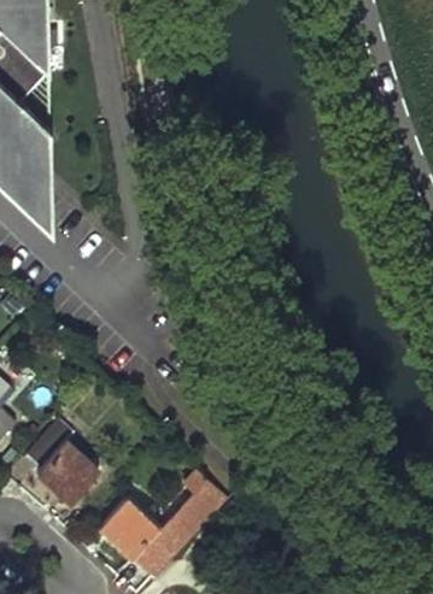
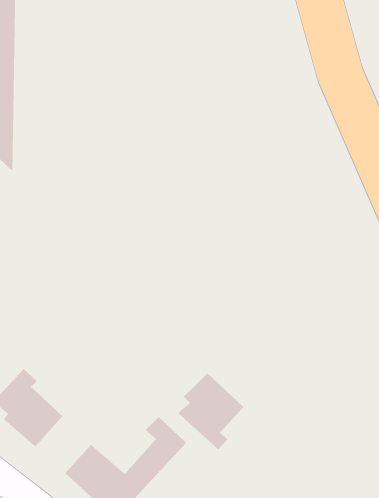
building: none -> [177,373,244,450]

